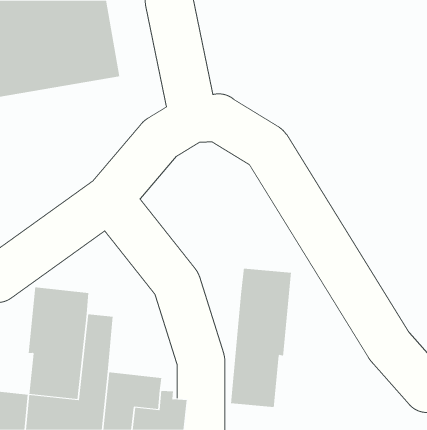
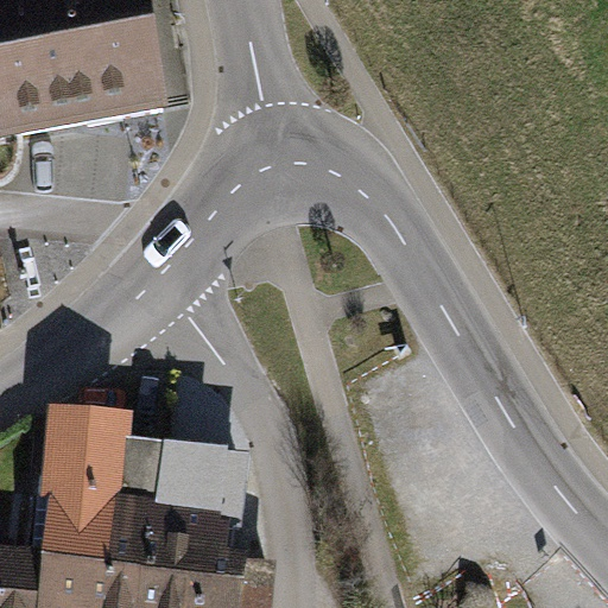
building: [231,268,292,408] -> none
building: none -> [153,446,248,534]

